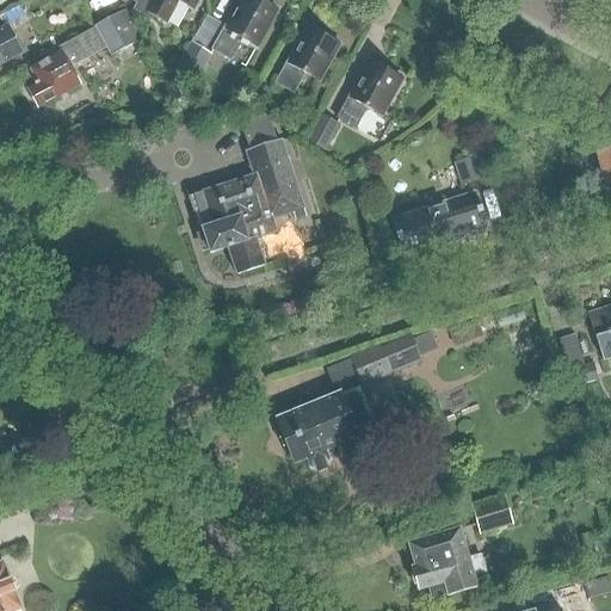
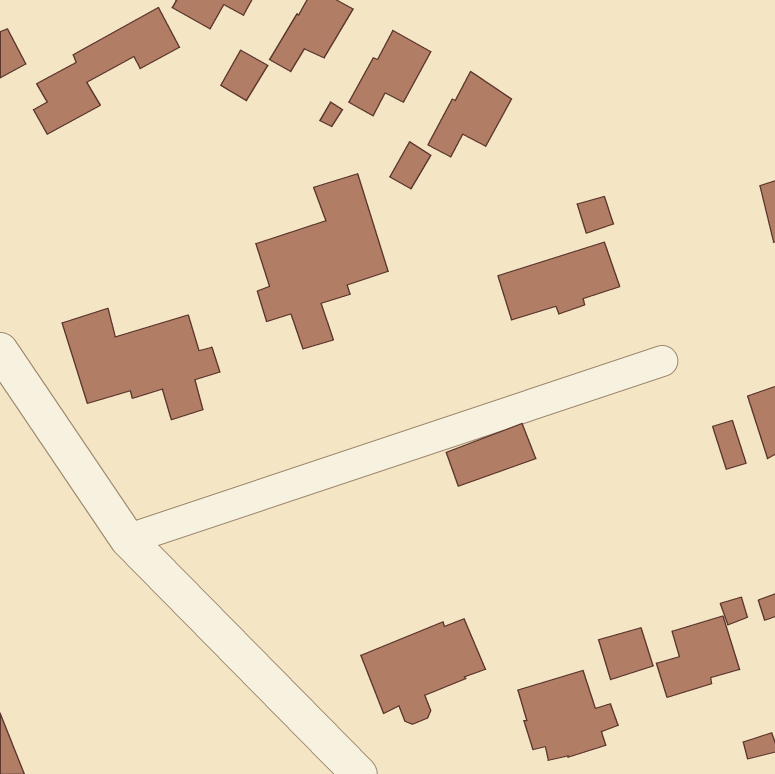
building: none -> [62,308,220,420]
building: [277,388,375,470] -> [361,619,486,724]
building: none -> [656,616,740,697]

